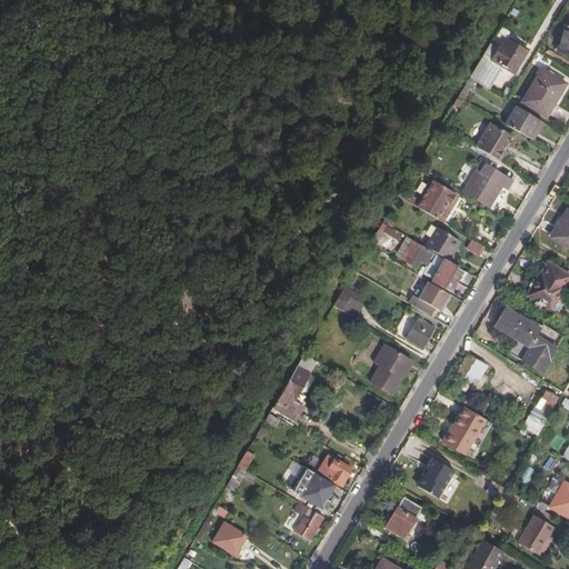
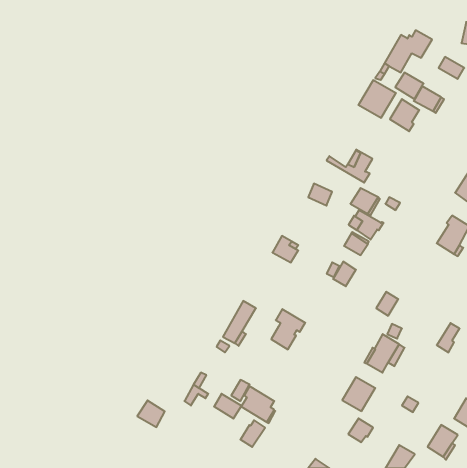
building: [522,82,557,114] -> [395,73,424,99]
building: [463,160,509,206] -> [358,80,396,118]
building: [401,239,432,266] -> none
building: [497,308,558,371] -> none
building: [371,345,412,393] -> [271,309,305,349]
building: [318,456,351,486] -> [214,394,242,419]
building: [387,506,417,535] -> [348,418,373,442]
building: [212,522,246,555] -> [137,400,165,427]

